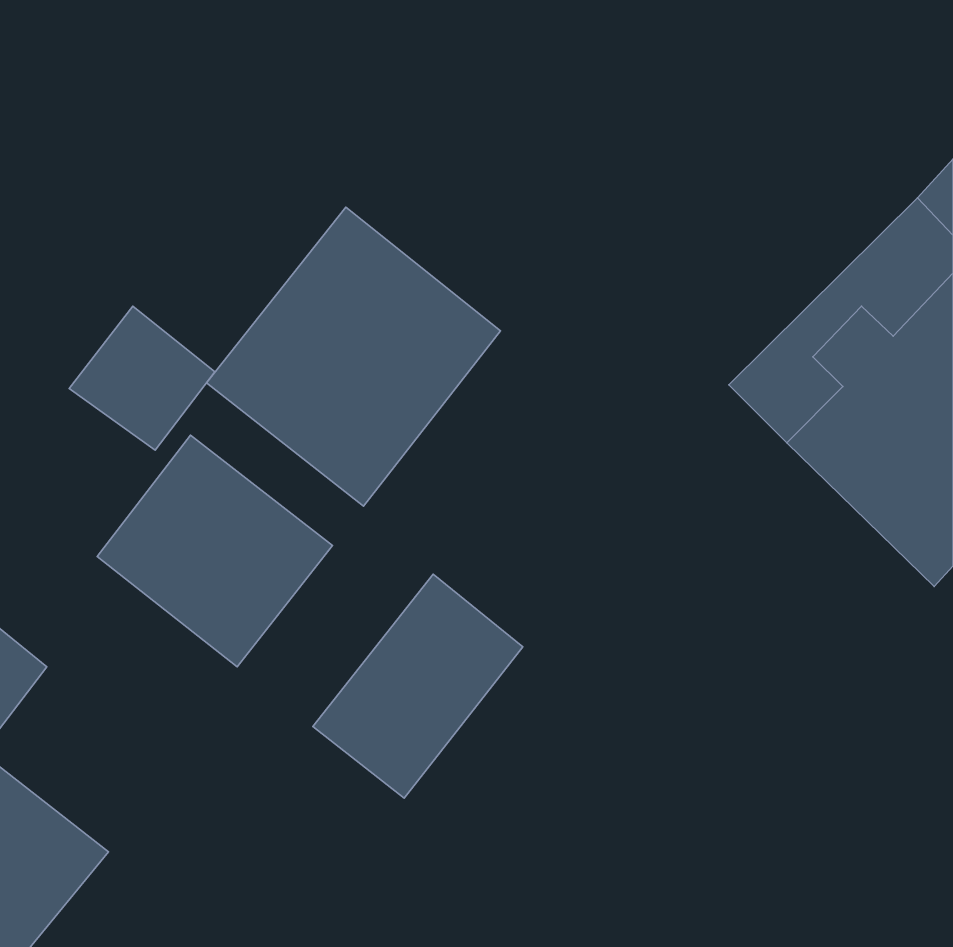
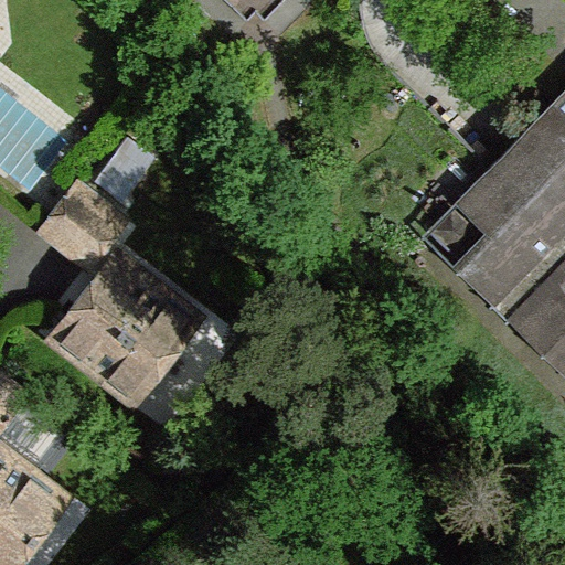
building: [206,207,501,506] -> none
building: [313,574,523,798] -> none

